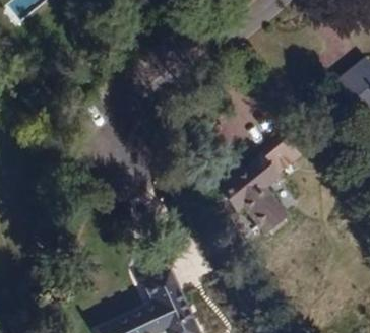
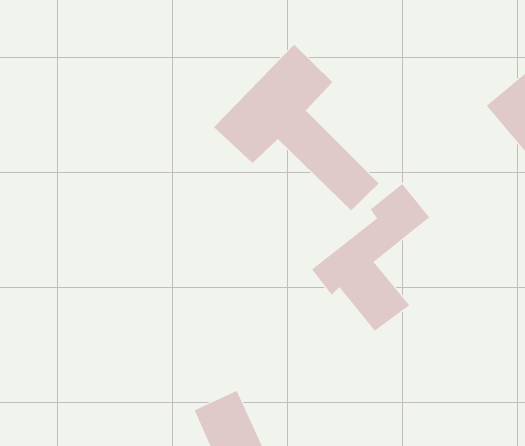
building: none -> [213,44,379,211]

